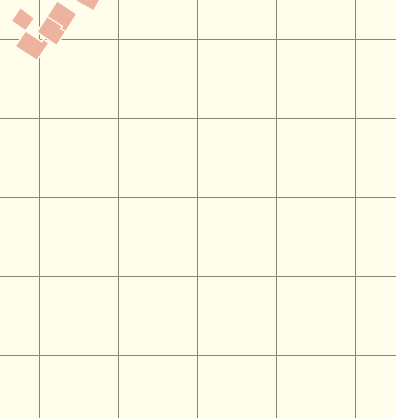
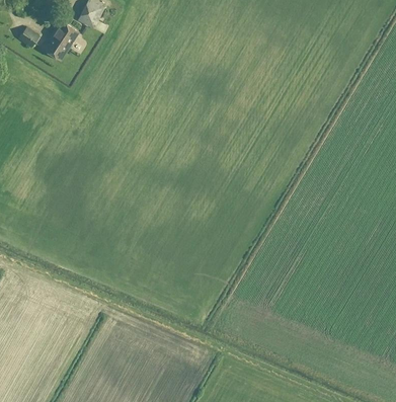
building: [15,31,49,61] -> none

